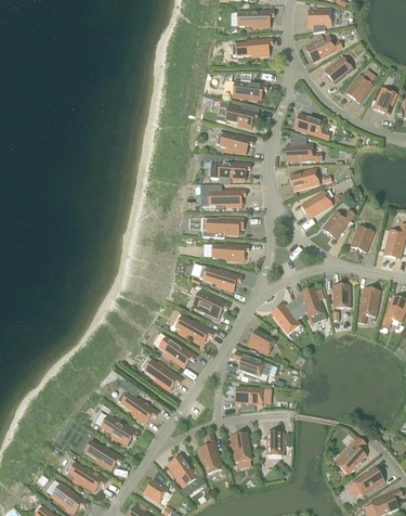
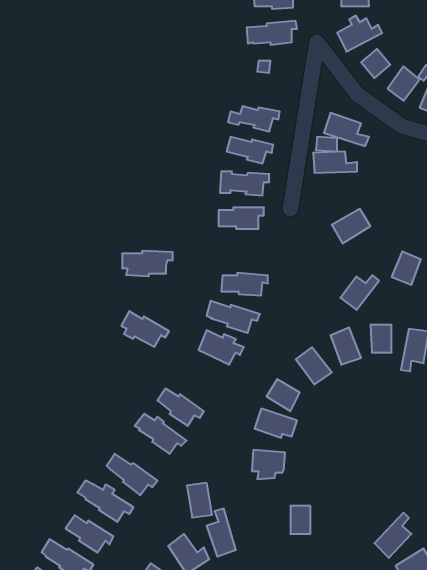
building: [233,80,267,101] -> none
building: [289,168,319,191] -> none
building: [323,210,354,238] -> [340,275,379,310]
building: [202,217,244,237] -> [122,251,173,276]
building: [175,315,214,345] -> [121,311,169,347]
building: [231,434,251,462] -> [187,483,212,518]

